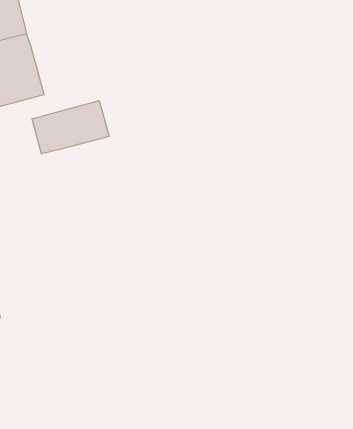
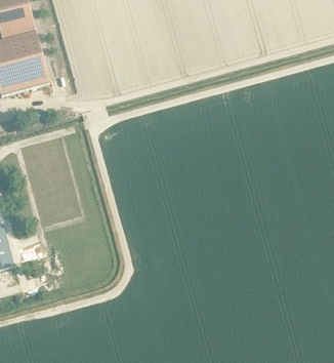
building: [32,101,109,154] -> none

